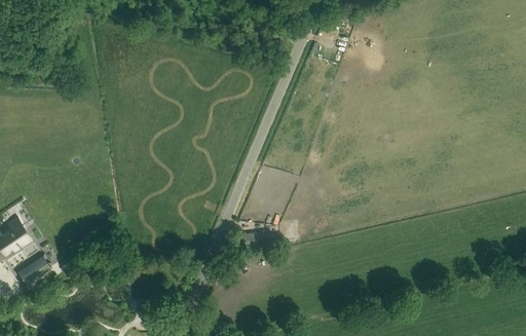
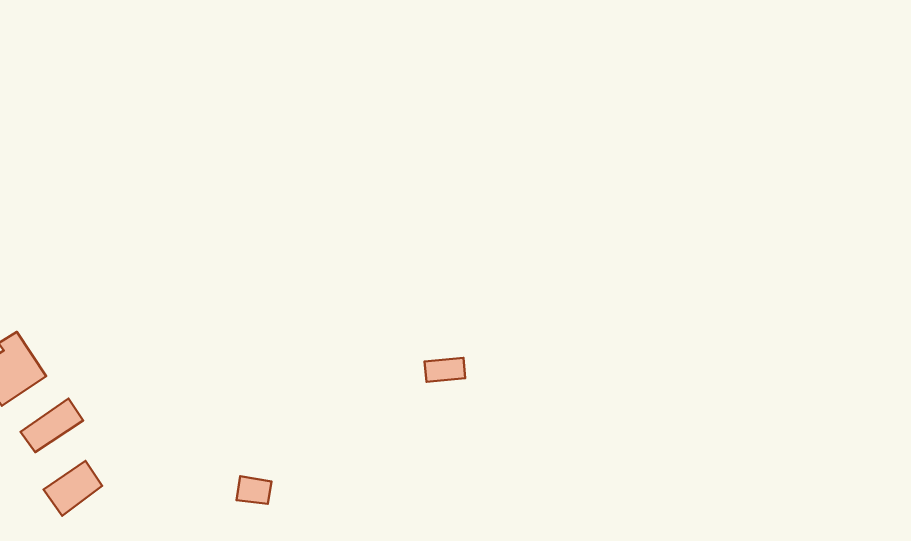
building: none -> [44,461,102,516]

